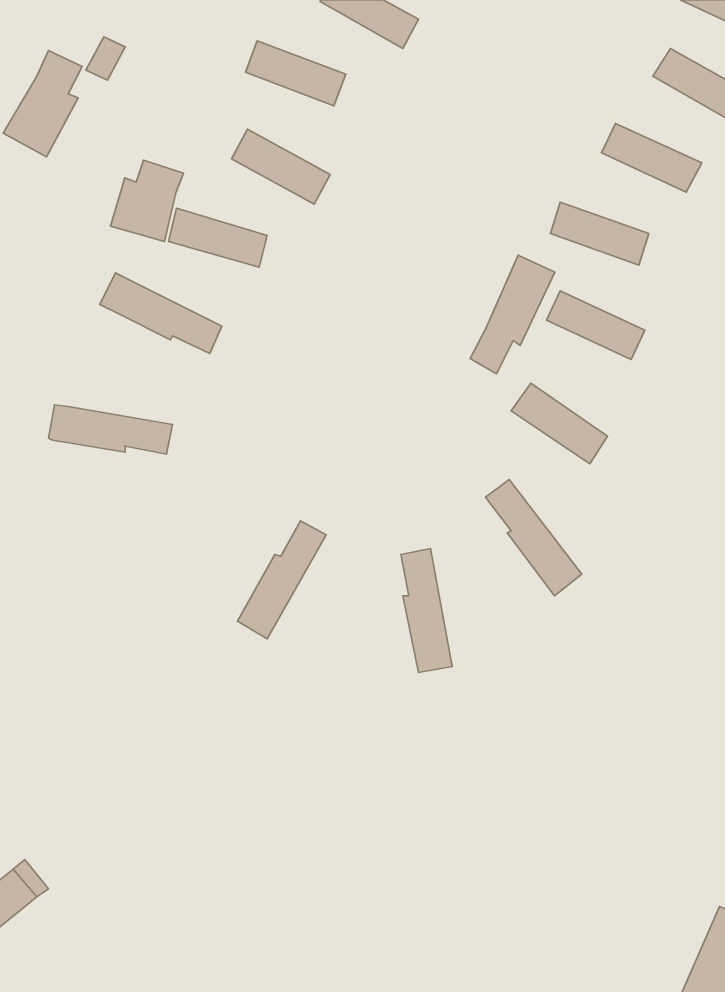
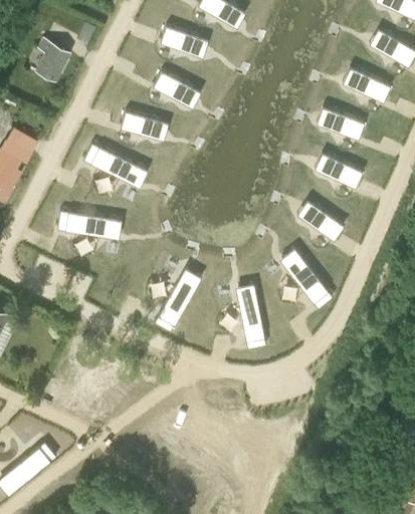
building: [110,160,184,241] -> none
building: [470,255,555,374] -> none

